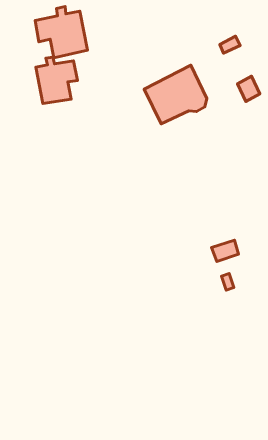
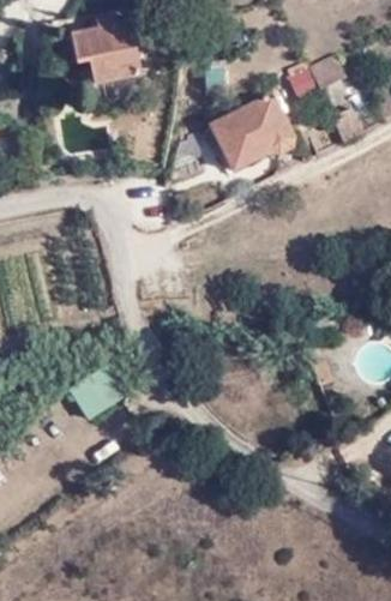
building: [36,57,78,104] -> none

